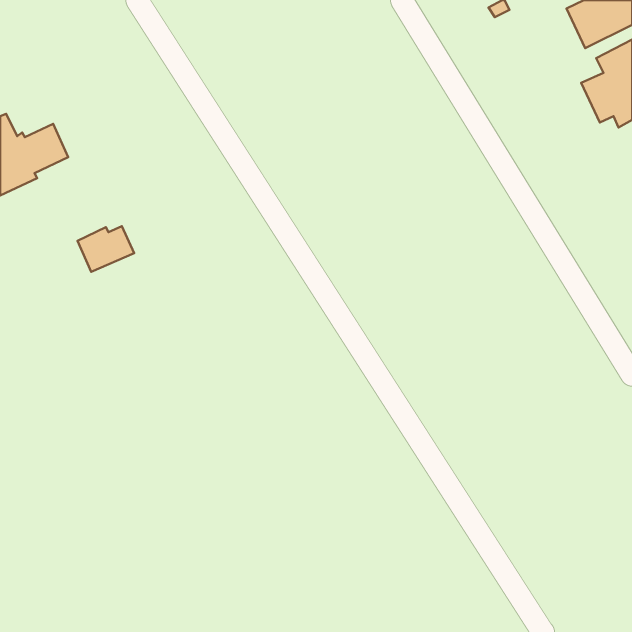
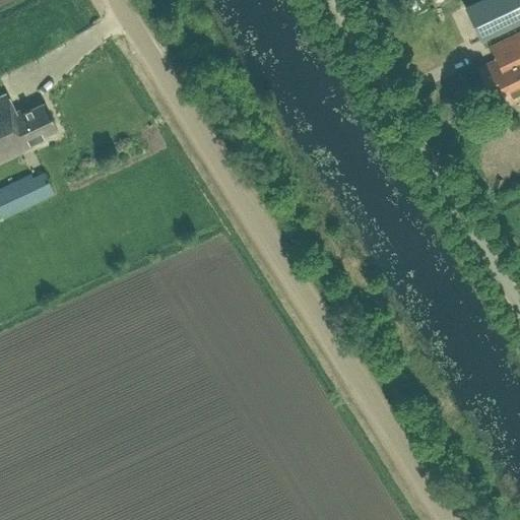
building: [77,226,134,272] -> [7,173,54,210]

